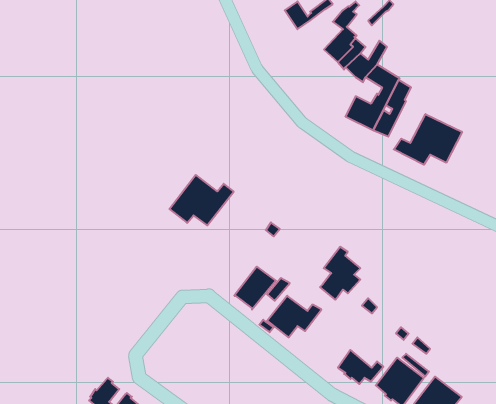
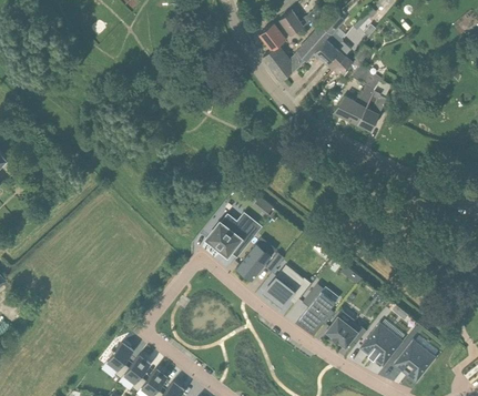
building: none -> [261,23,332,81]
building: [394,114,462,165] -> none
building: [169,175,234,225] -> [202,213,258,257]
building: [320,247,360,300] -> [299,285,335,332]

